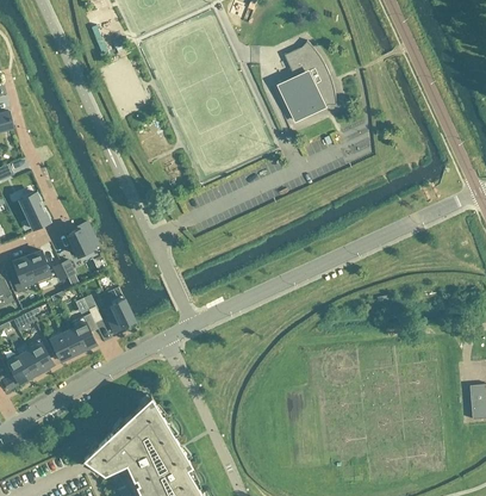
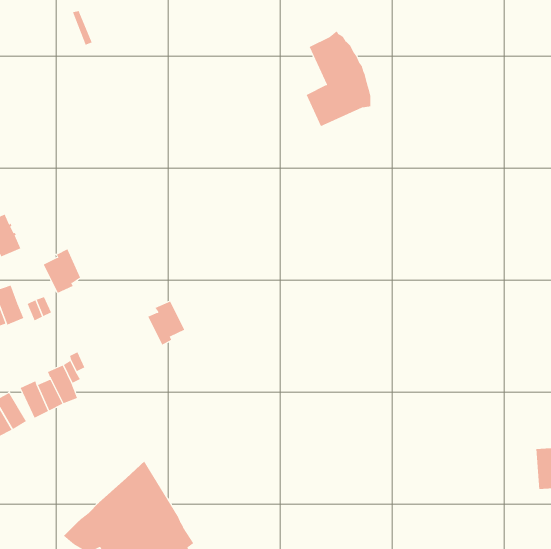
building: [102,296,133,333] -> [147,301,185,346]

